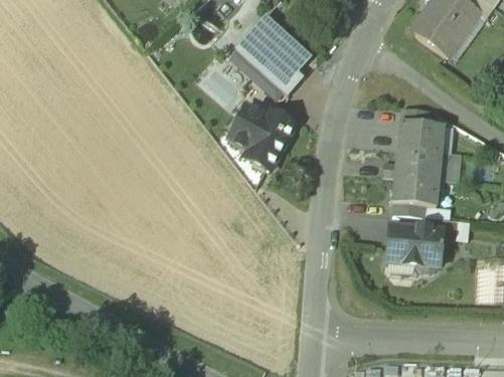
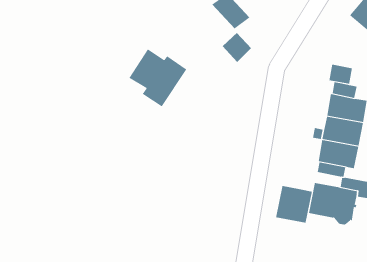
building: [237,30,285,77] -> none
building: none -> [329,64,352,85]
building: [227,104,295,170] -> [128,48,187,107]
building: none -> [275,185,313,224]

